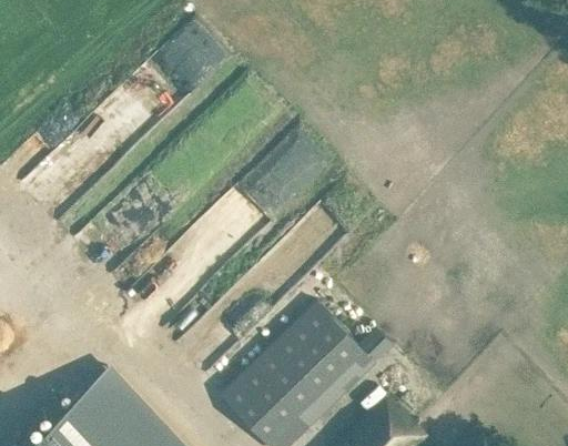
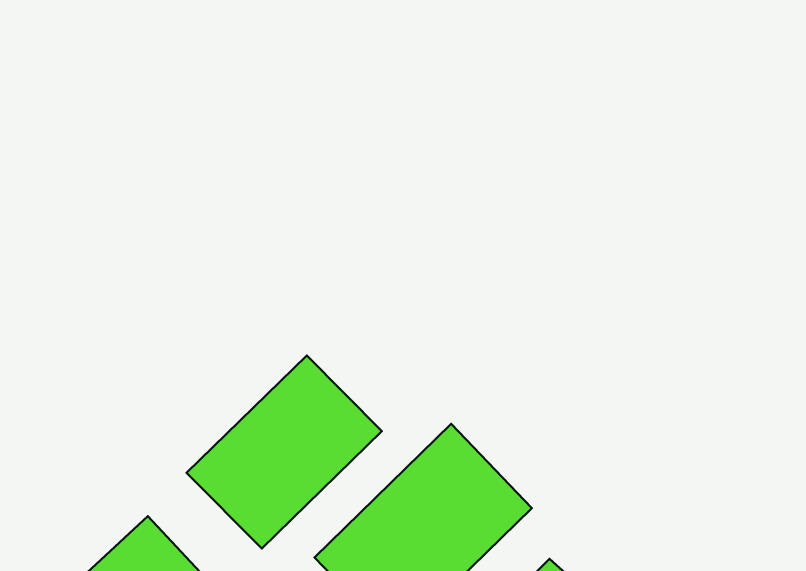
building: none -> [187,355,382,549]

